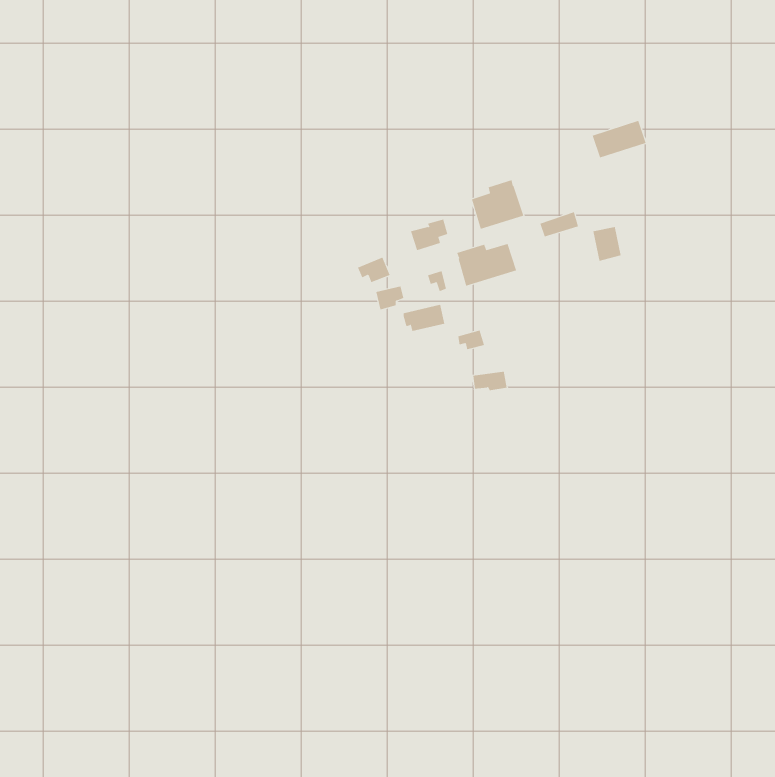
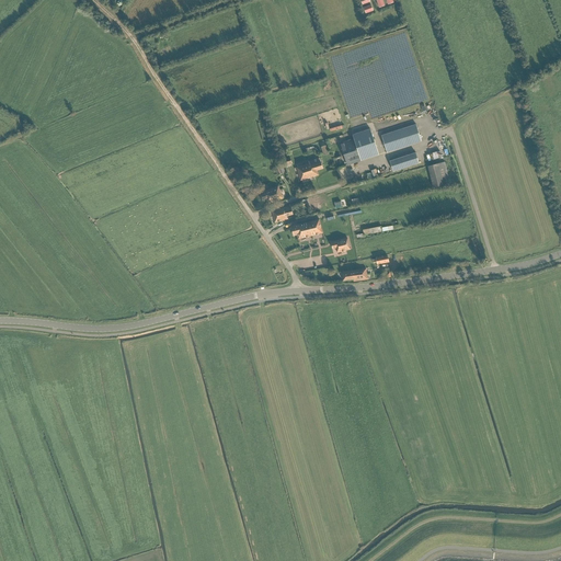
building: [592,120,646,158] -> [381,125,421,152]
building: [456,243,517,287] -> none

